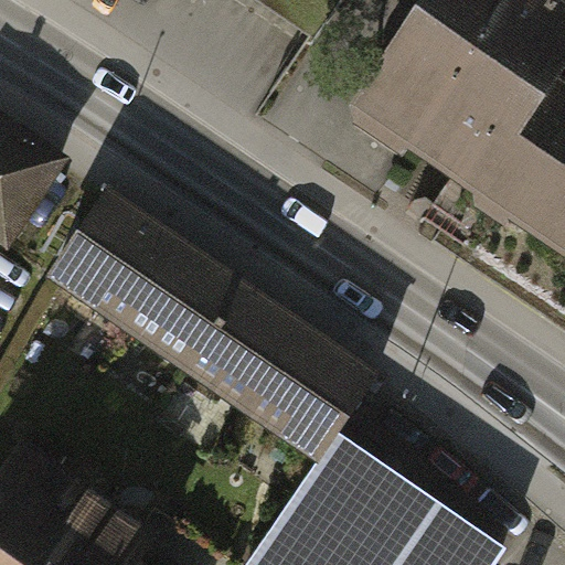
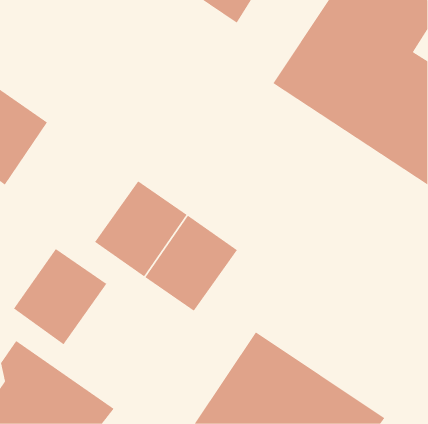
building: [58,191,181,318] -> none
building: none -> [13,248,107,345]
building: [255,329,377,456] -> none

